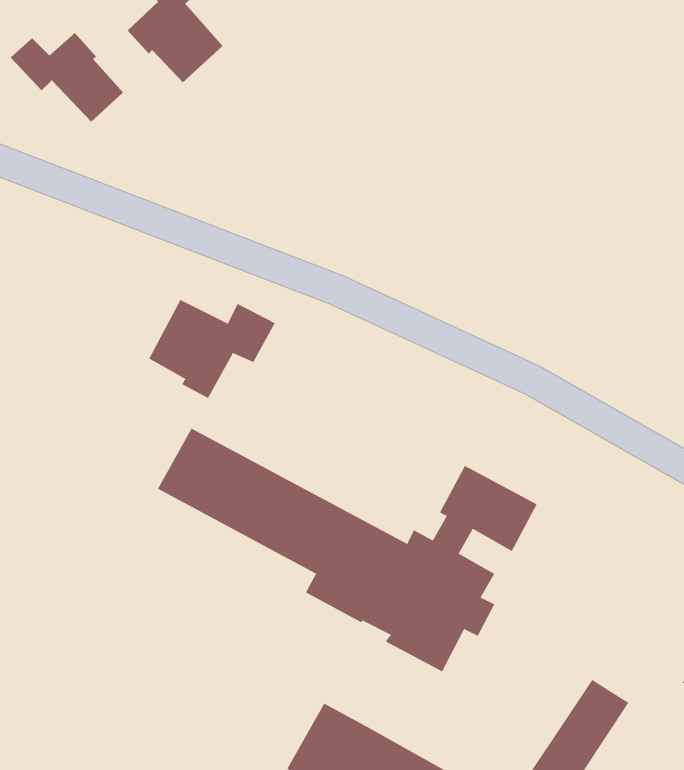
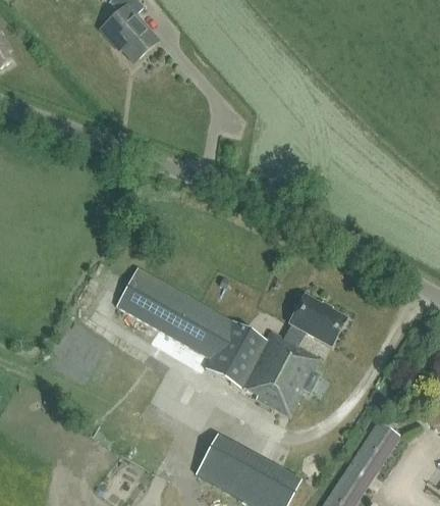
building: [10,32,124,123] -> none
building: [148,299,276,399] -> none

